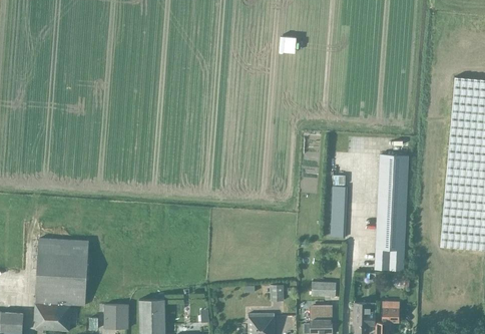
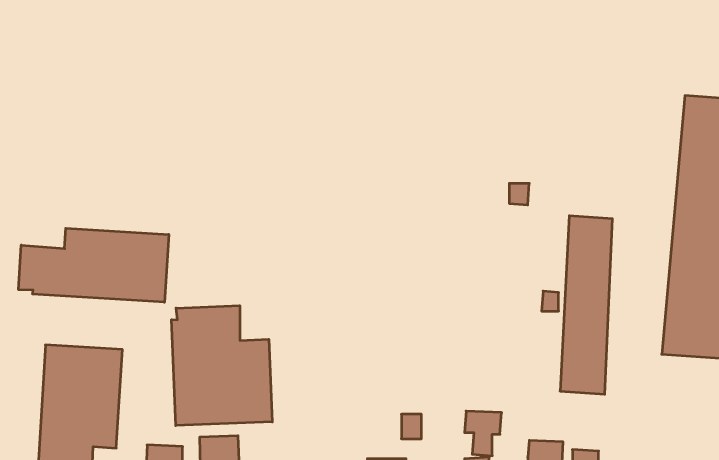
building: none -> [19,228,169,302]
building: [331,187,347,238] -> none
building: none -> [172,306,272,426]

